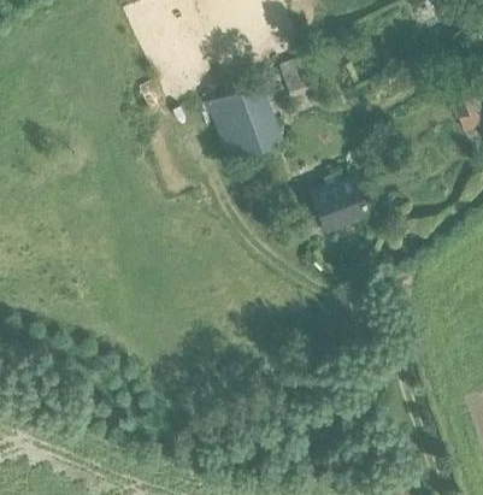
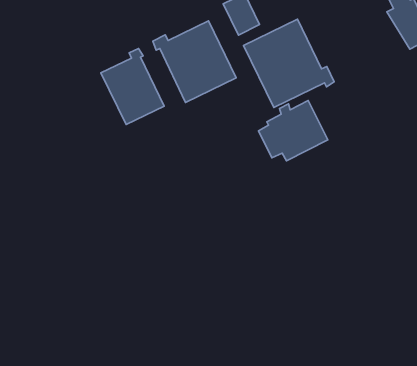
building: none -> [244,19,334,108]
building: none -> [101,48,164,125]

